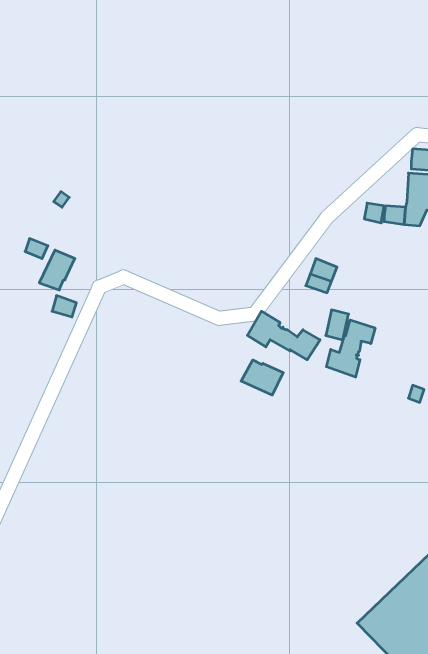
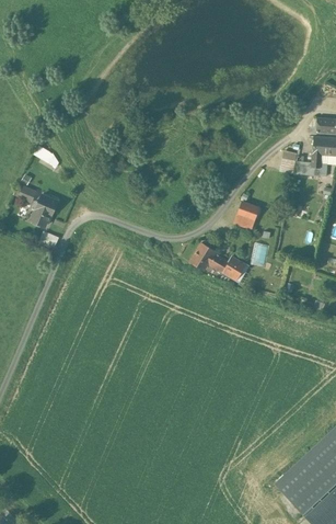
building: [326,320,375,377] -> none
building: [241,360,283,395] -> none

